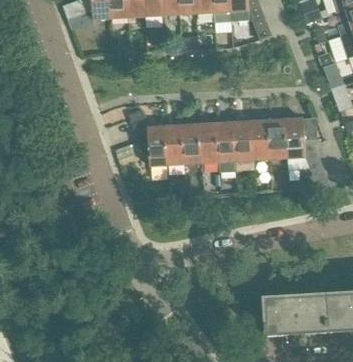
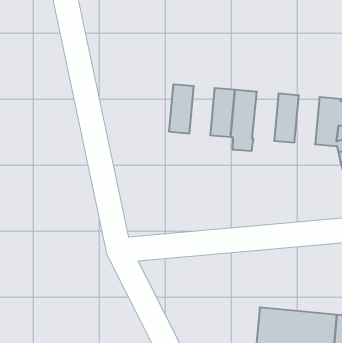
building: [129,108,166,165] -> none
building: [268,118,287,158] -> none
building: [233,120,253,160] -> none
building: [181,123,200,163] -> none

